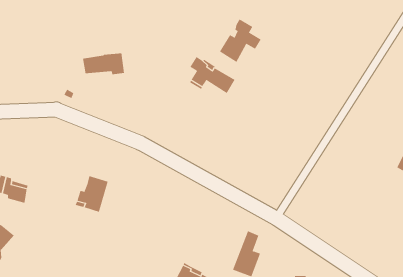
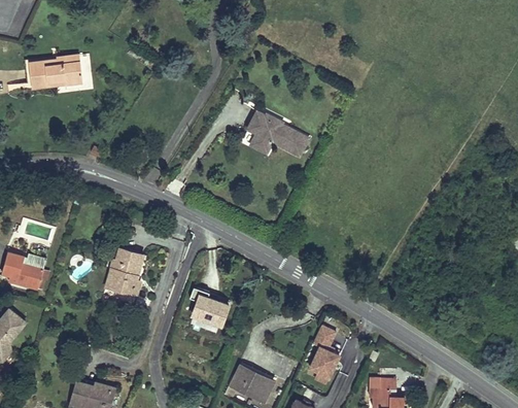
building: [219,18,261,63] -> none
building: [82,53,125,75] -> [29,56,82,83]
building: none -> [186,291,229,327]

